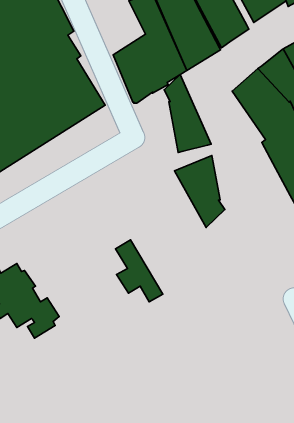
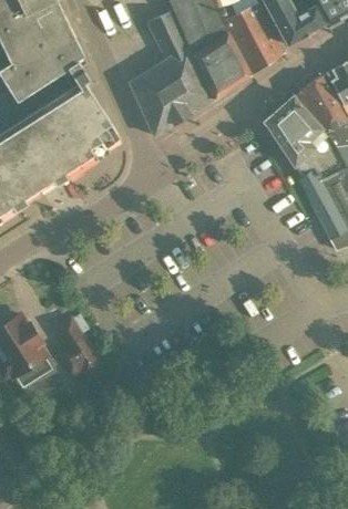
building: [164,75,211,153] -> none
building: [175,155,225,227] -> none
building: [116,240,163,302] -> [54,316,108,386]

